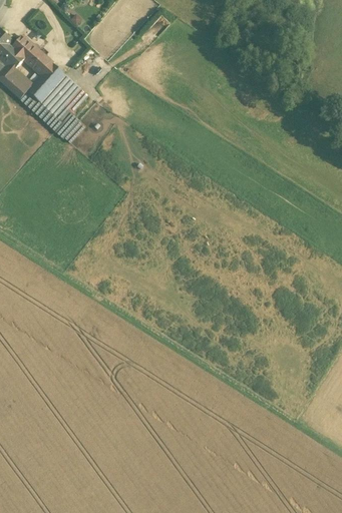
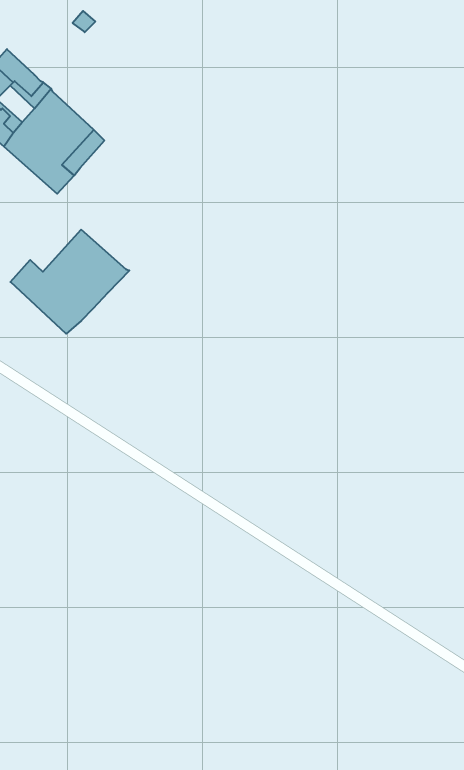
building: [55,112,84,141] -> none
building: none -> [10,230,129,334]

